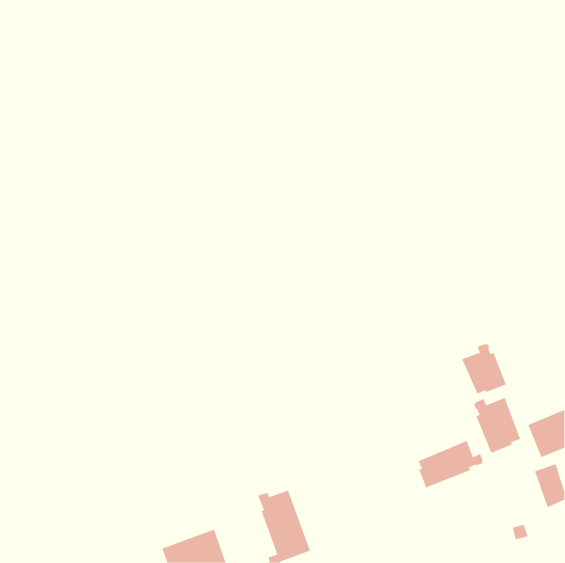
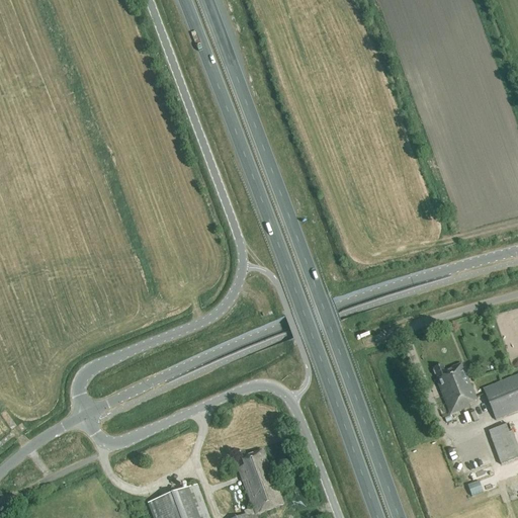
building: [462,343,506,394] -> none
building: [418,440,484,488] -> none

